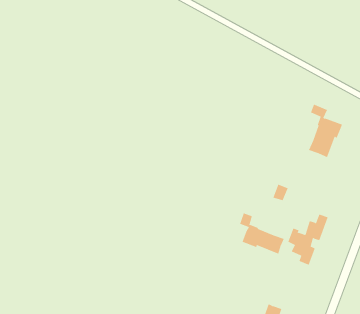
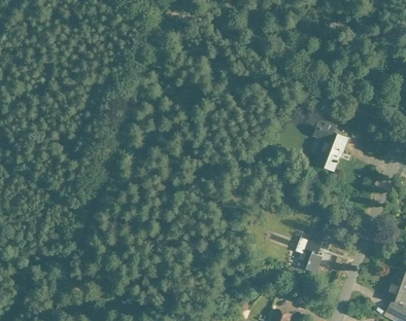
building: [238,212,285,254] -> none

